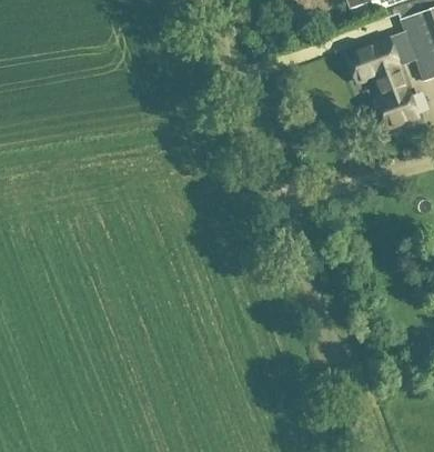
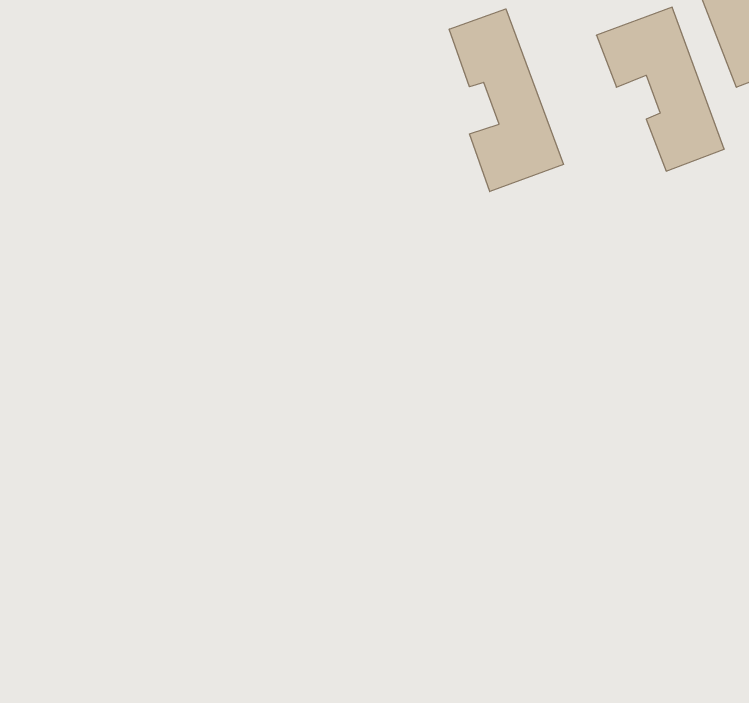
building: none -> [449,9,564,192]

